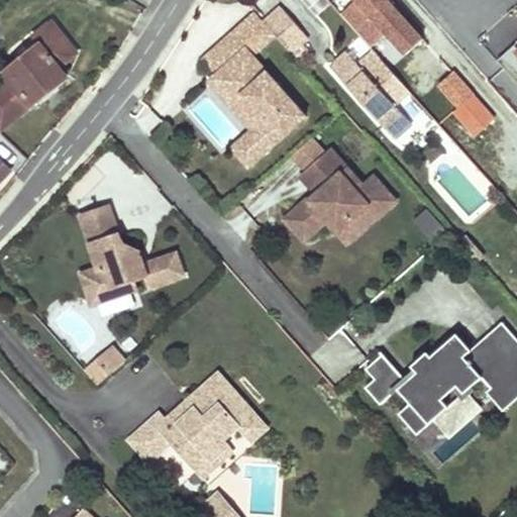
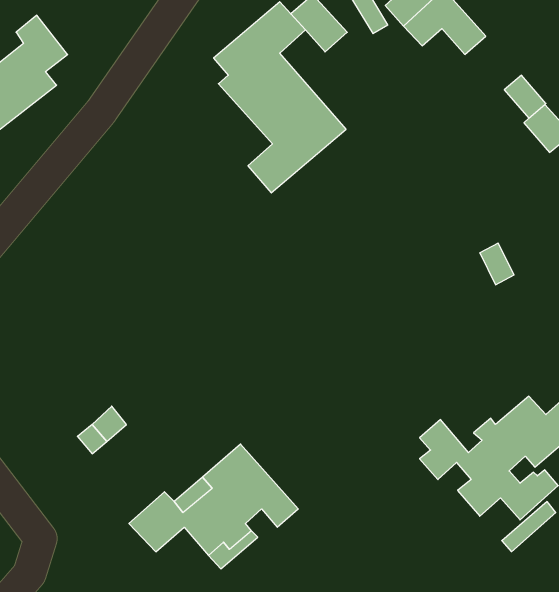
building: [329,49,412,137] -> none
building: [280,136,396,244] -> none
building: [76,202,185,305] -> none

